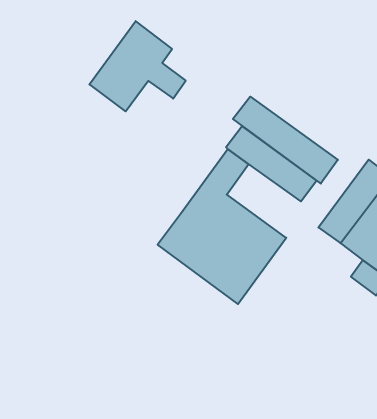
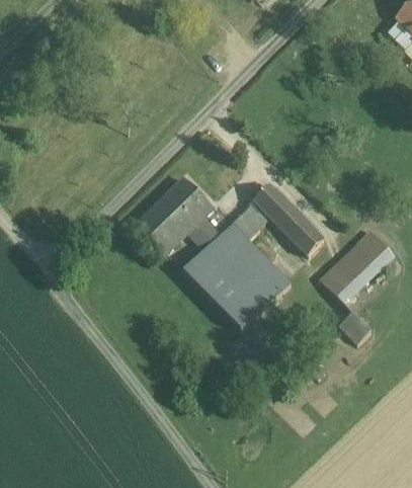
building: [89,21,186,111] -> [138,177,219,251]
building: [233,97,338,184] -> none

